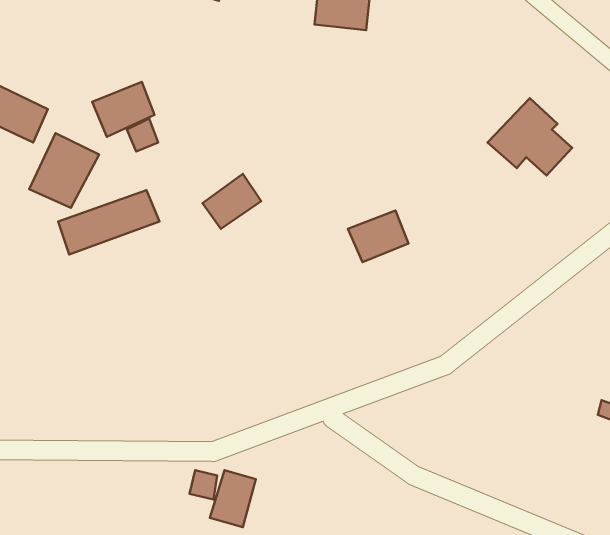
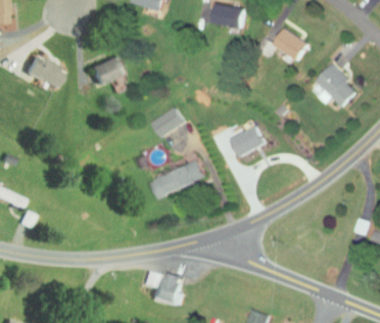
building: none -> [276,28,312,60]
building: [29,133,99,208] -> none
building: [58,190,159,255] -> [149,163,205,198]

